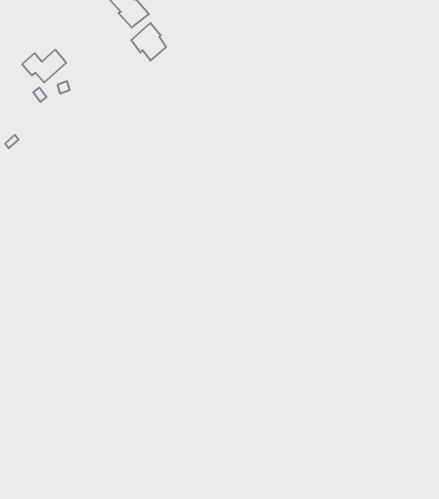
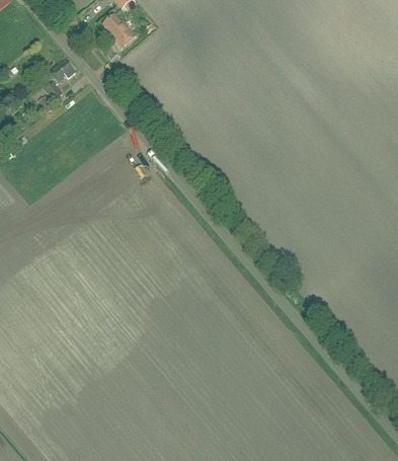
building: [131,23,166,61] -> none

